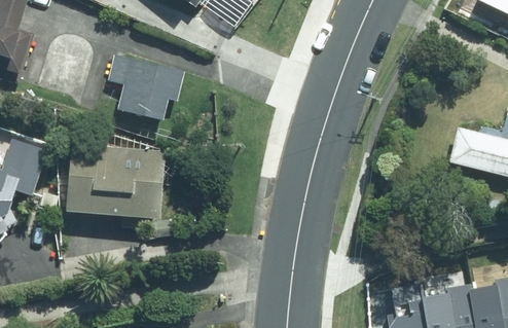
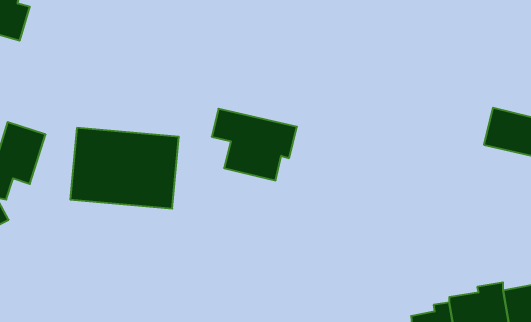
building: [108,53,186,119] -> [212,109,297,180]

